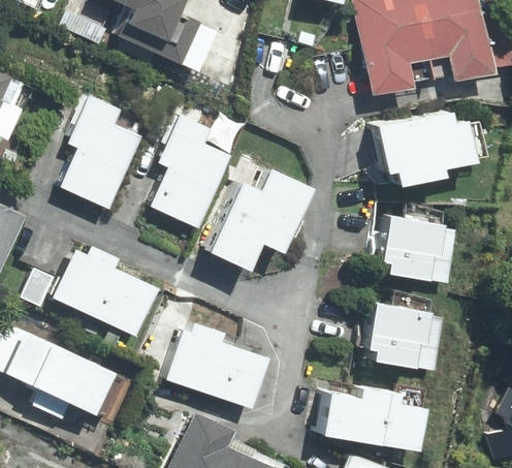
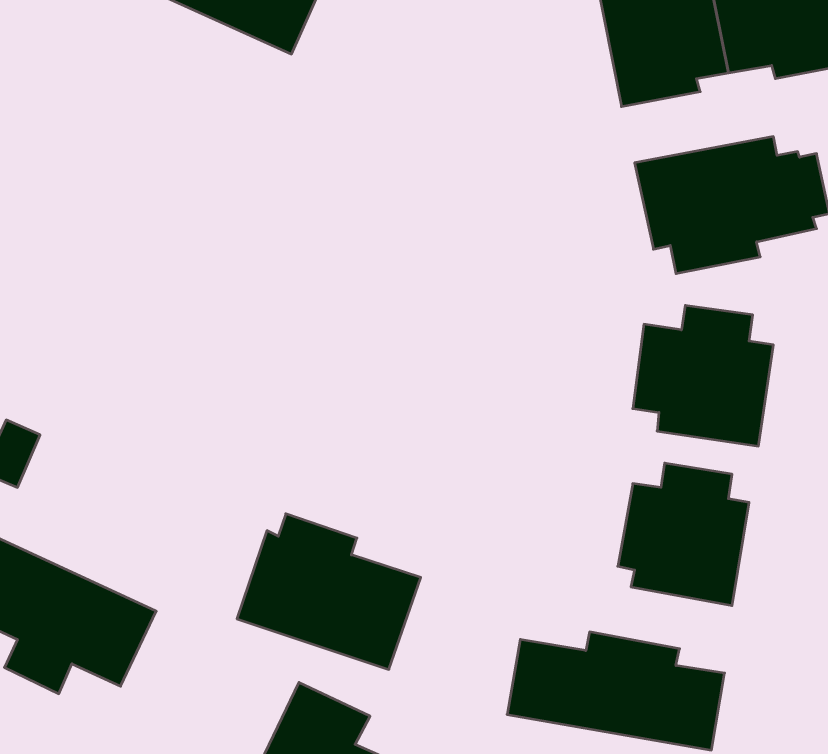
building: [56,93,138,207] -> none
building: [146,114,227,225] -> none
building: [200,157,308,270] -> none
building: [54,247,159,338] -> none

